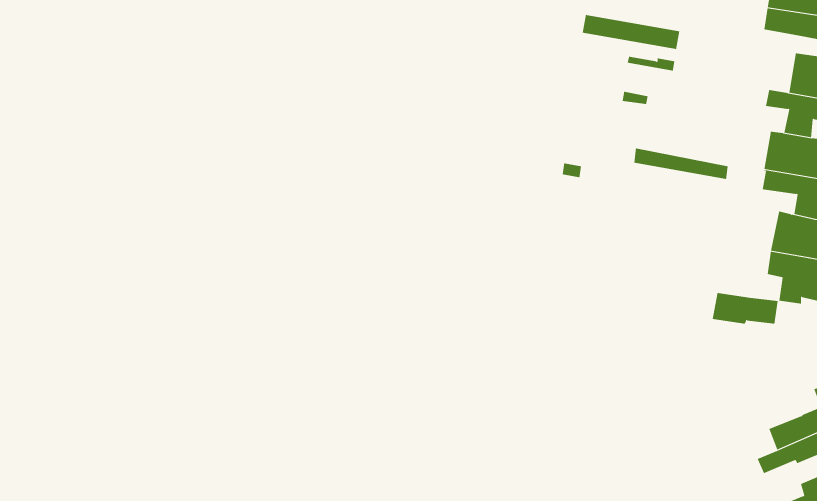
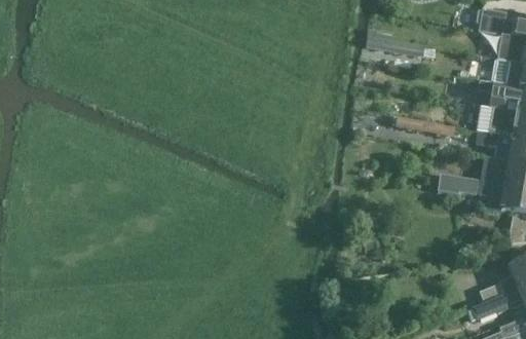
building: [712,293,778,324] -> [439,174,480,193]

